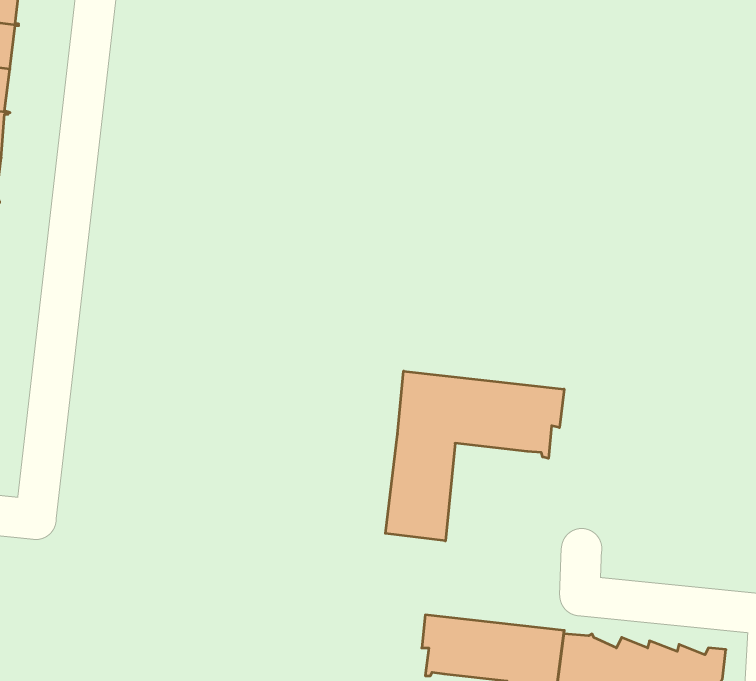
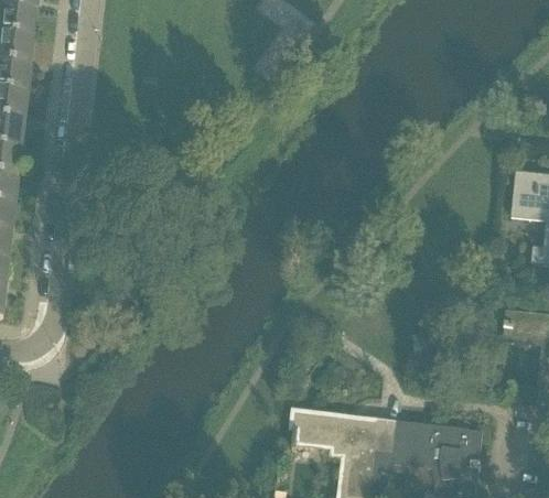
building: [385,371,564,541] -> none

